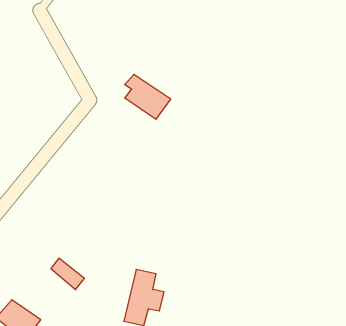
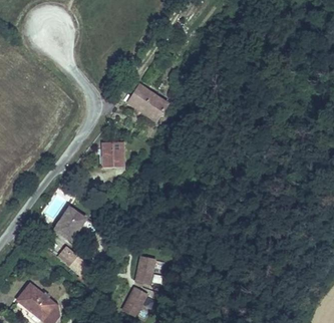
building: none -> [102,139,129,170]
building: none -> [55,208,86,240]

